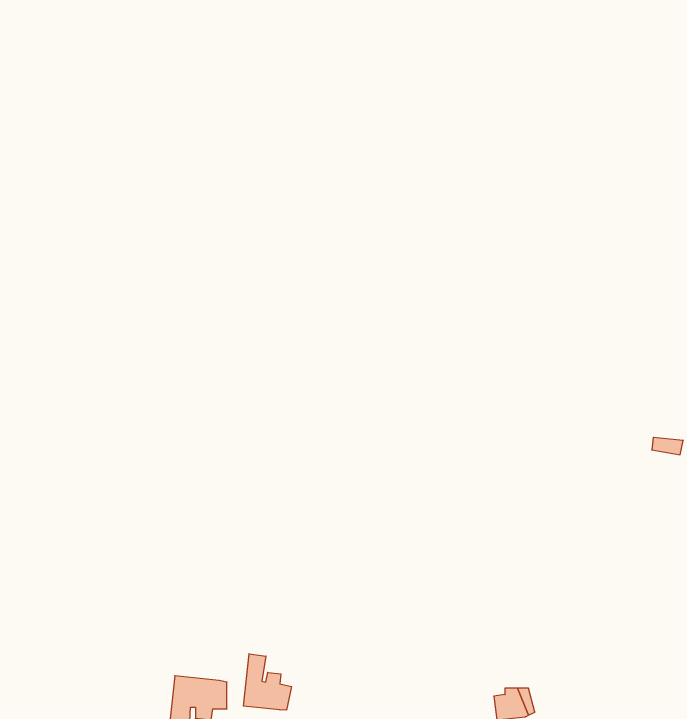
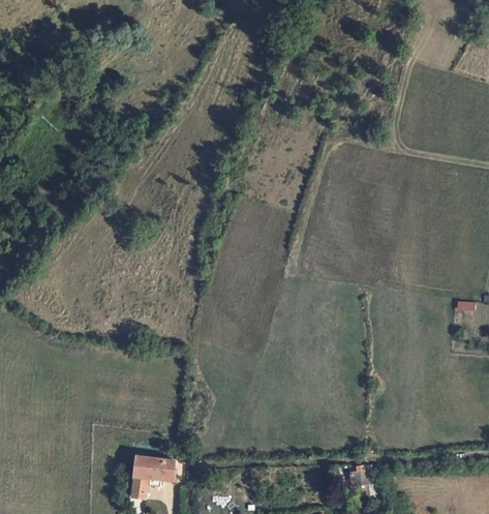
building: [244,654,291,710] -> none

